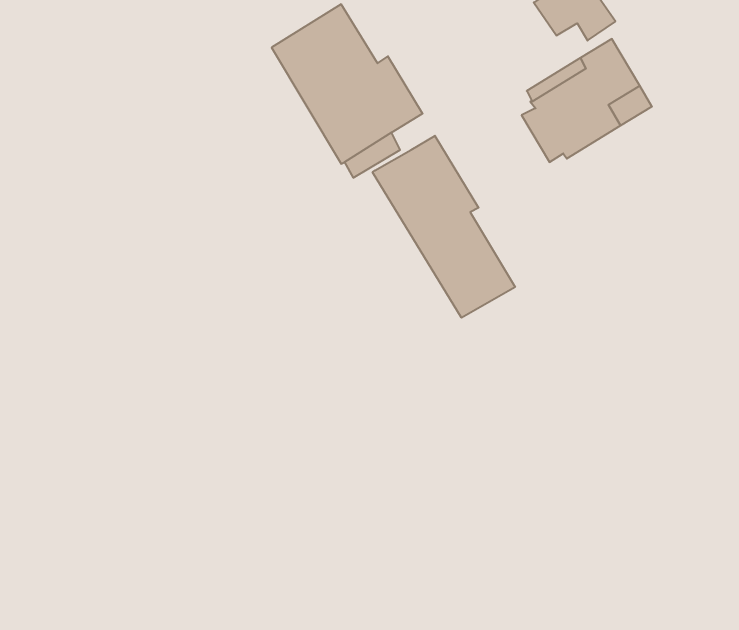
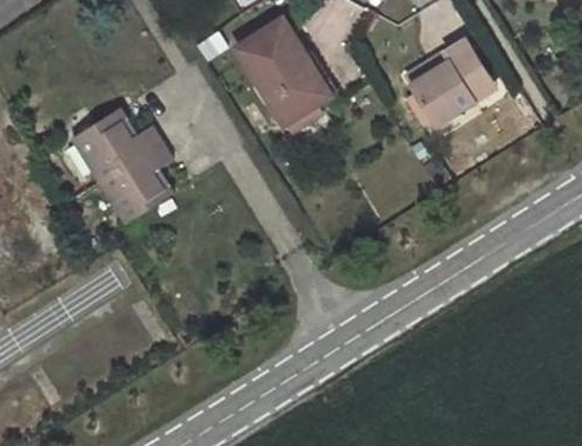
building: [373,136,515,318] -> none
building: none -> [73,108,172,221]

